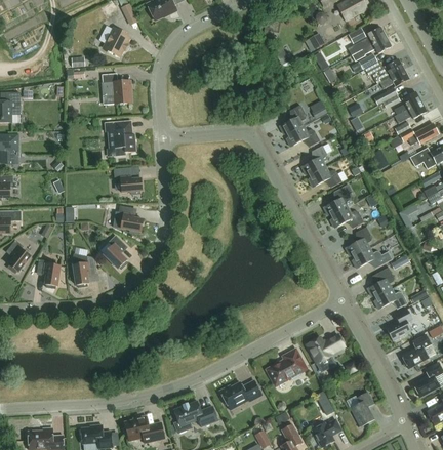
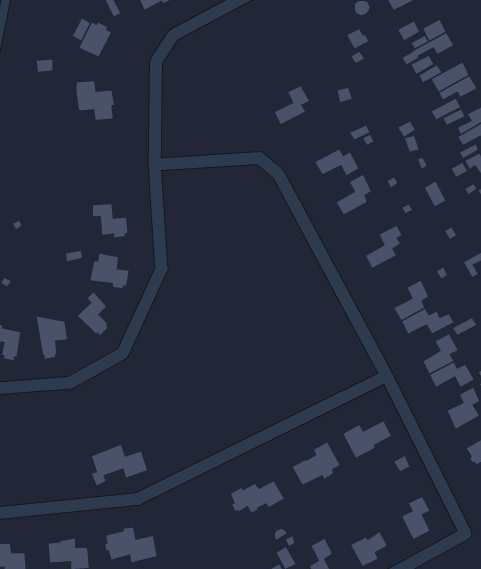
building: [279,105,307,135] -> [274,85,310,125]
building: [105,120,135,155] -> none
building: [307,166,341,187] -> none
building: [328,207,363,228] -> none
building: [173,400,217,433] -> [91,444,148,487]

